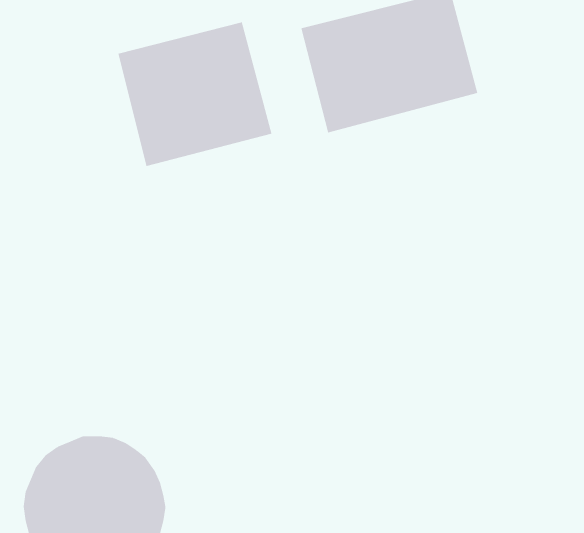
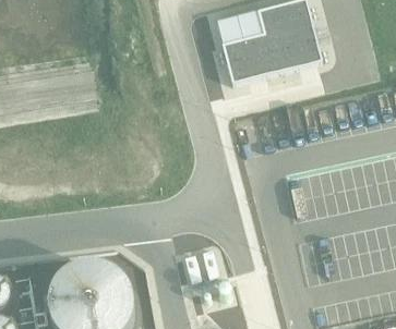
building: [118,22,272,167] -> none

